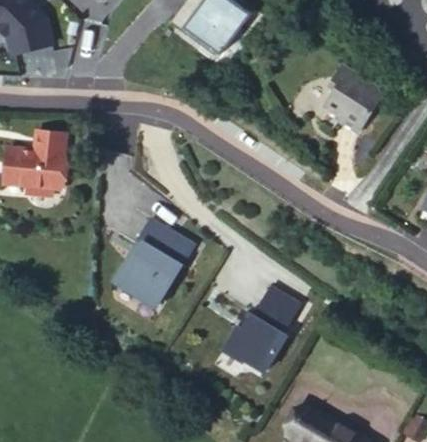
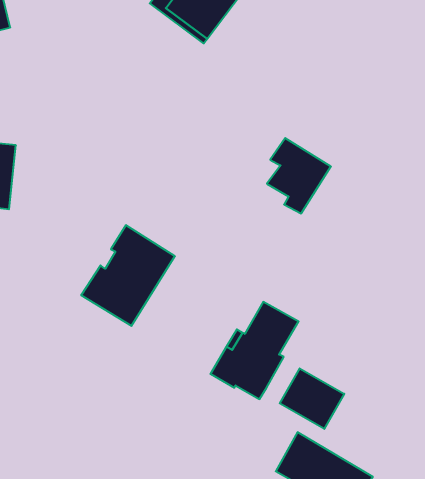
building: [318,72,374,138] -> [267,138,331,213]
building: none -> [280,368,344,429]

